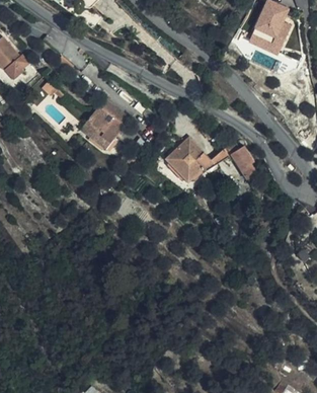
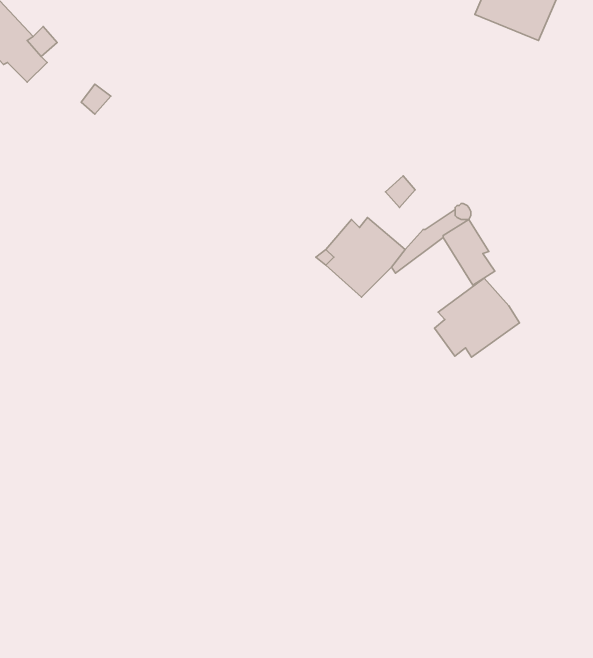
building: [79,96,129,148] -> none
building: none -> [434,278,519,357]

